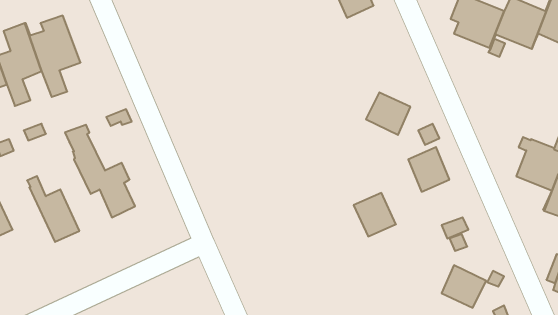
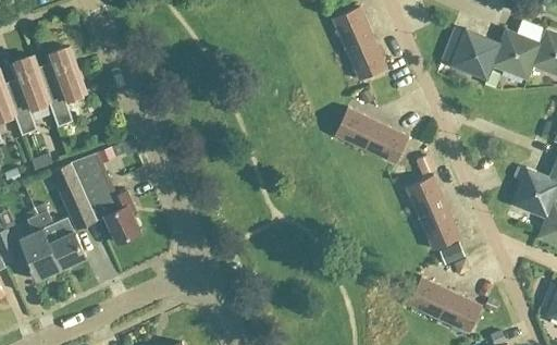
building: none -> [347,38,387,81]
building: none -> [335,108,379,149]
building: none -> [52,162,96,229]
building: none -> [22,215,62,280]
building: [354,193,396,236] -> [420,208,461,250]
building: none -> [408,278,451,319]

